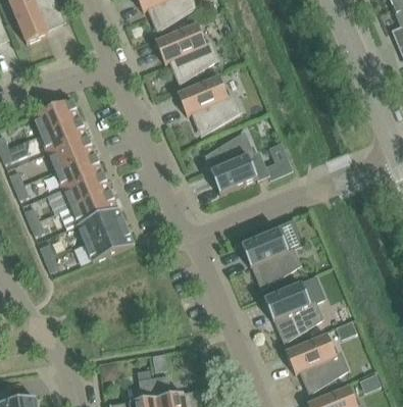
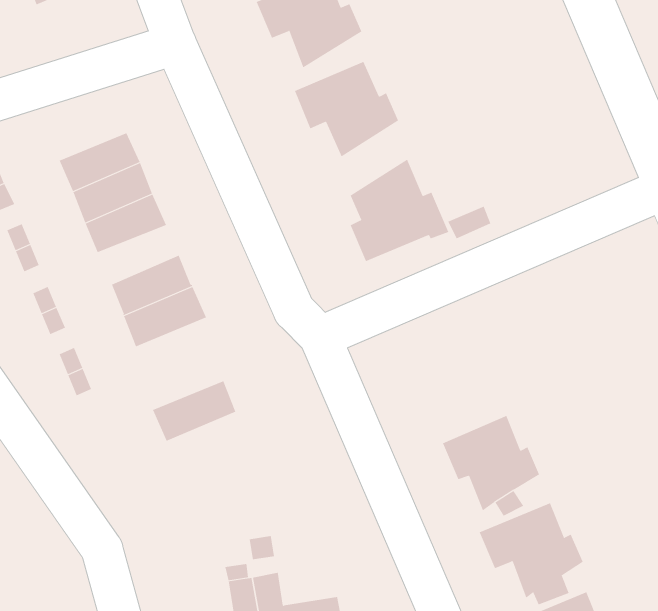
building: [31,98,79,134] -> none
building: [61,171,109,206] -> none
building: [84,225,133,261] -> [152,380,236,441]
building: [240,228,298,285] -> none

